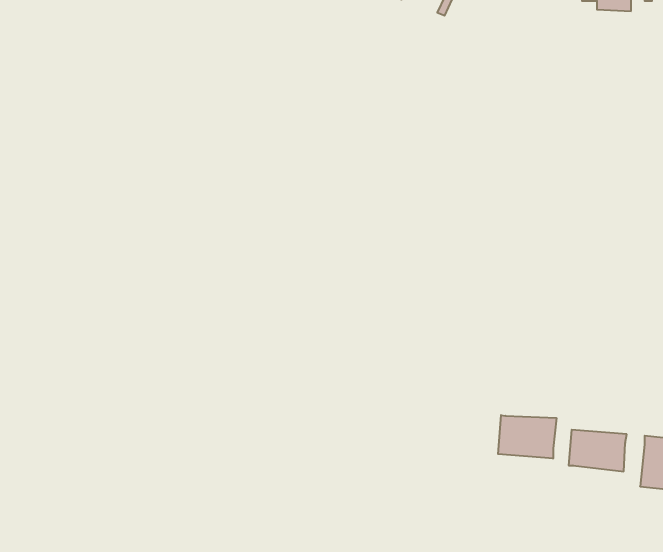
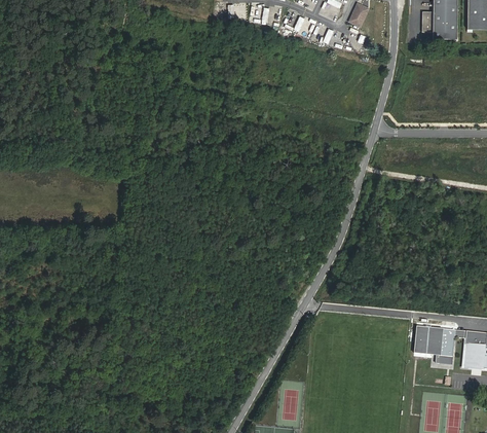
building: [498,415,556,459] -> none

